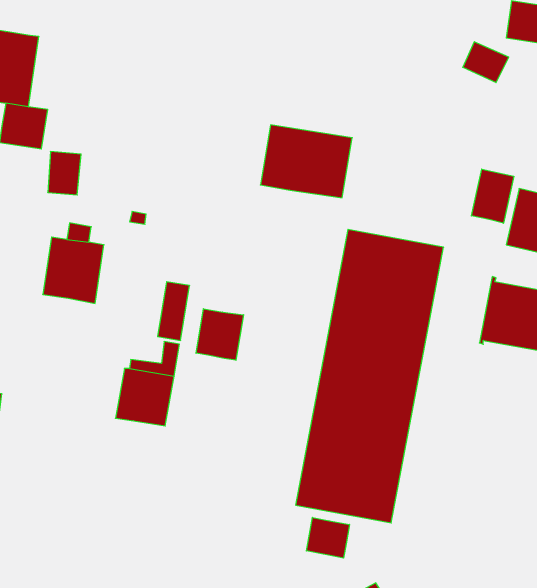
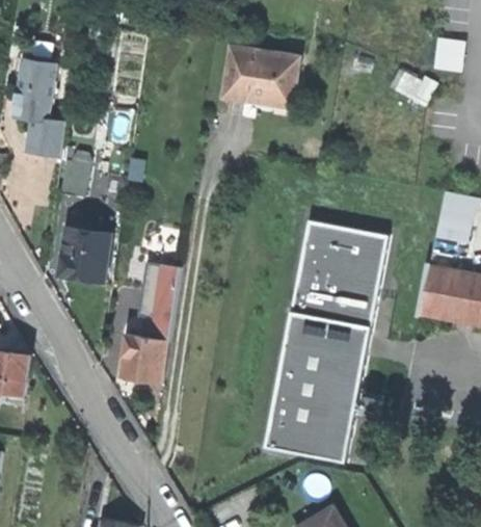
building: [260,125,352,198] -> [222,46,297,105]
building: [471,169,514,223] -> none
building: [196,309,244,360] -> none
building: [306,517,349,558] -> none

